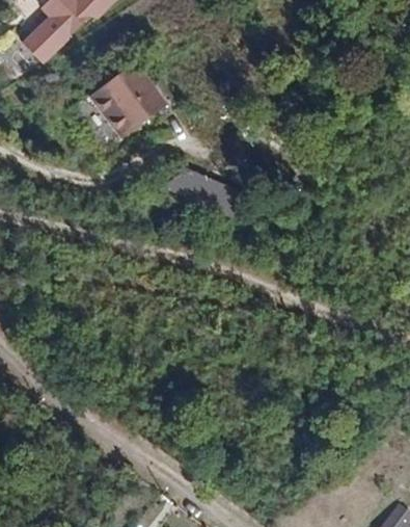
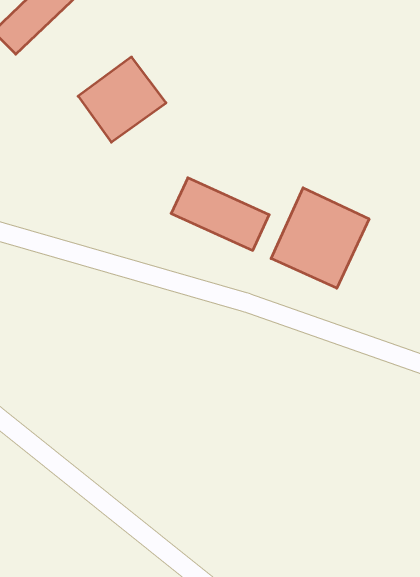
building: none -> [271,188,369,288]

